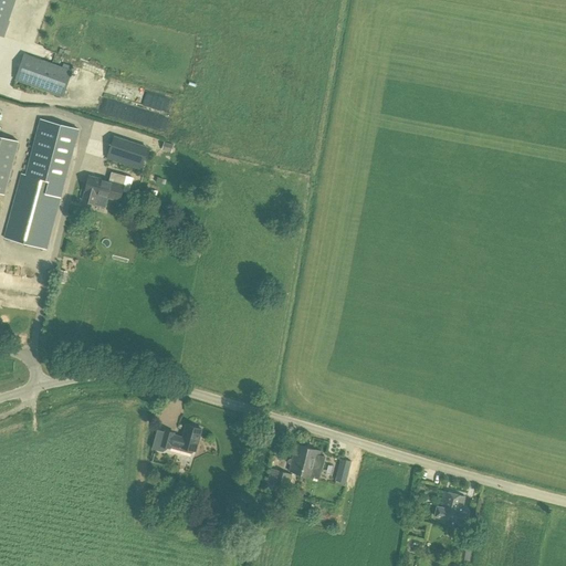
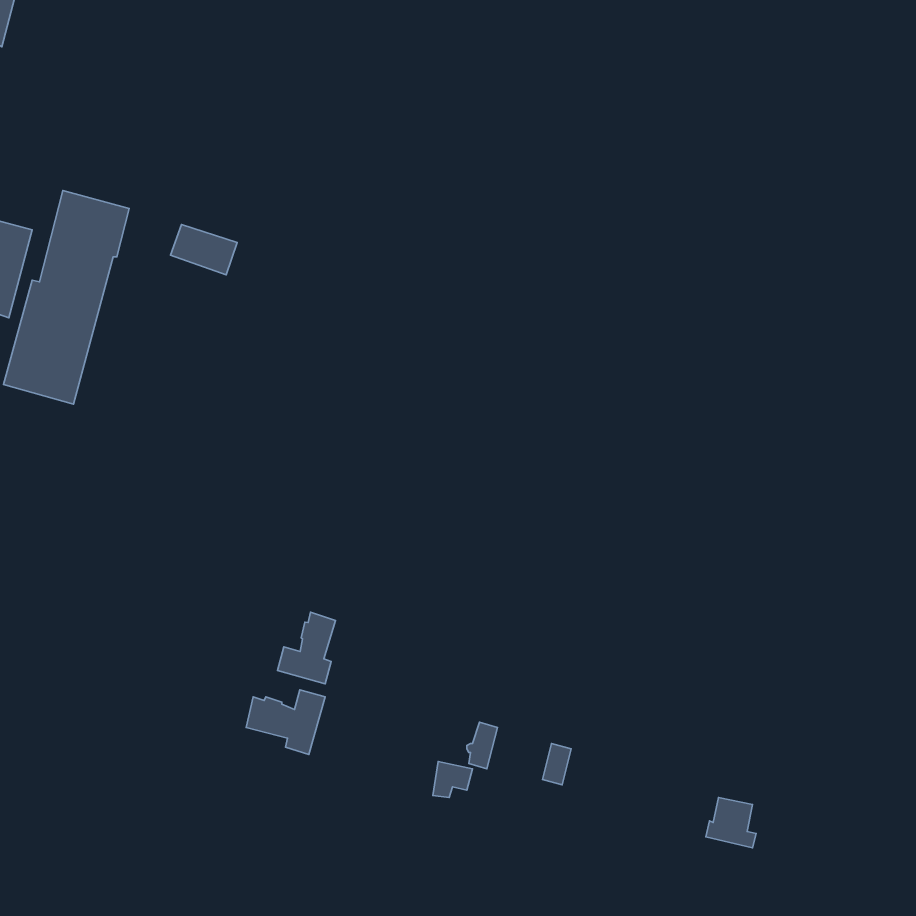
building: [14,53,71,96] -> none
building: [82,176,123,206] -> none
building: none -> [277,612,335,684]
building: [300,448,325,478] -> none

